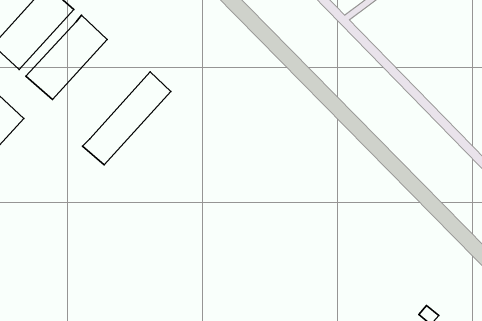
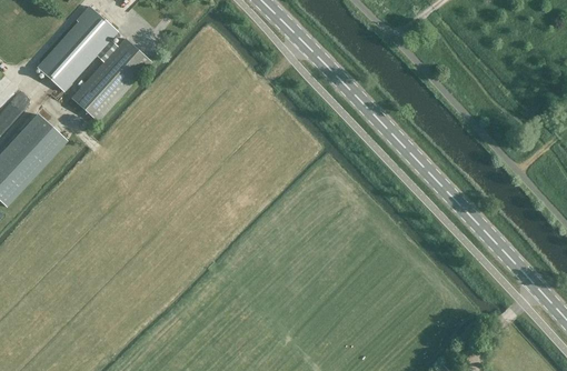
building: [82,72,171,165] -> none

